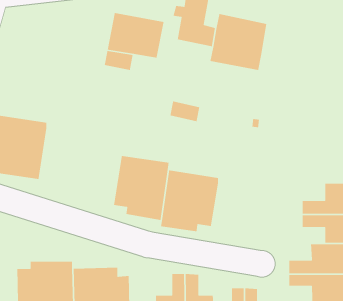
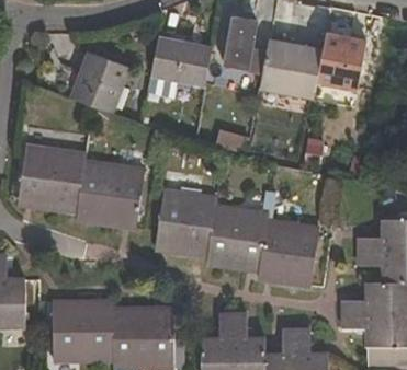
building: none -> [314,30,366,90]
building: none -> [70,53,129,113]
building: none -> [75,160,144,229]
building: none -> [259,218,319,289]

